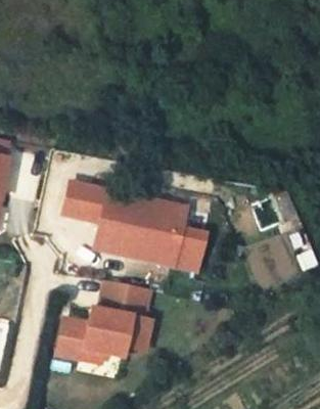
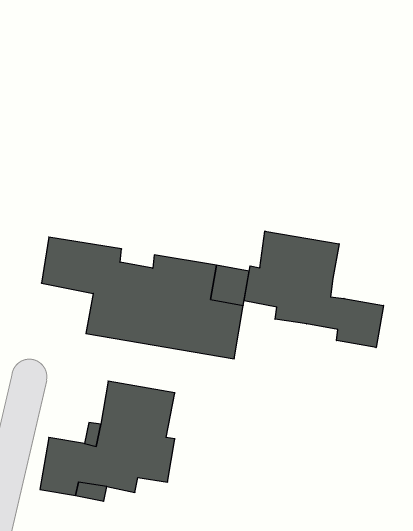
building: none -> [244,231,383,348]

